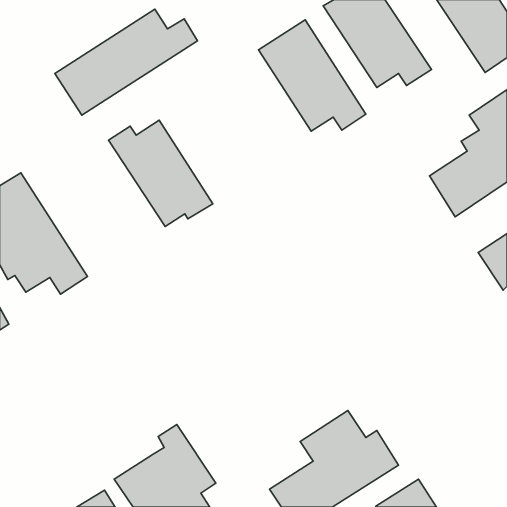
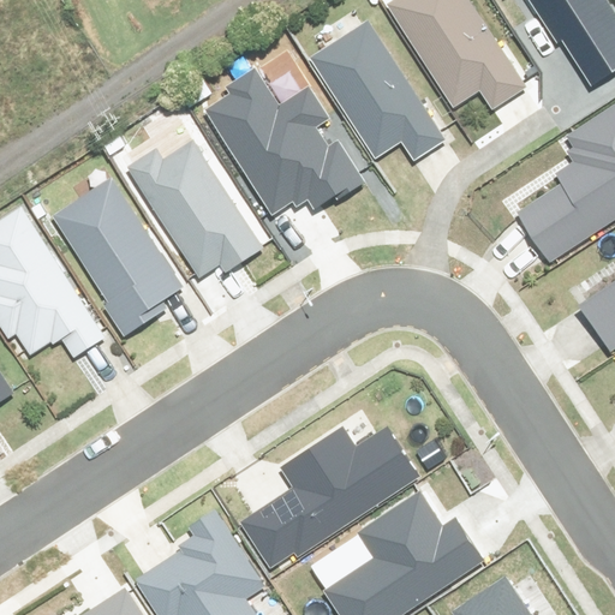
building: [55,9,197,115] -> none
building: none -> [208,76,366,213]
building: none -> [55,180,183,326]
building: none -> [241,430,418,566]

